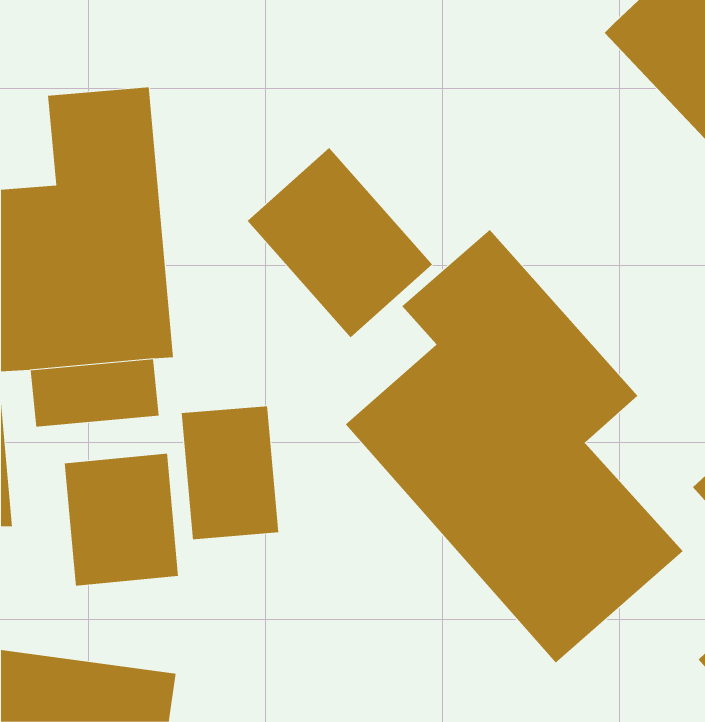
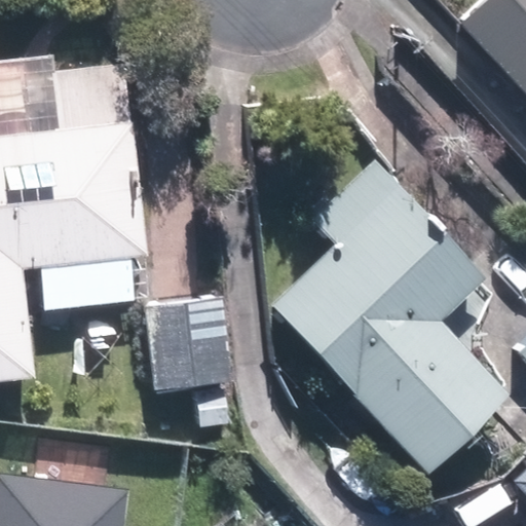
building: [247,147,433,338] -> none
building: [64,453,179,586] -> none

